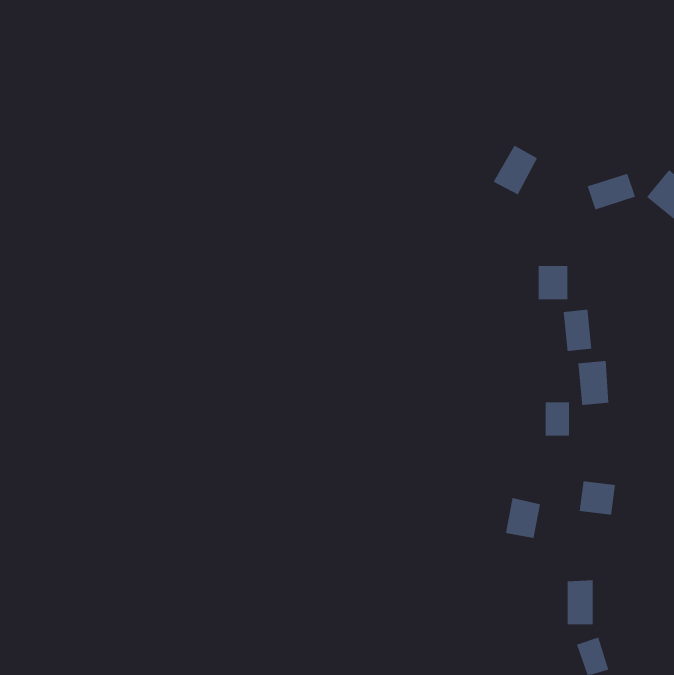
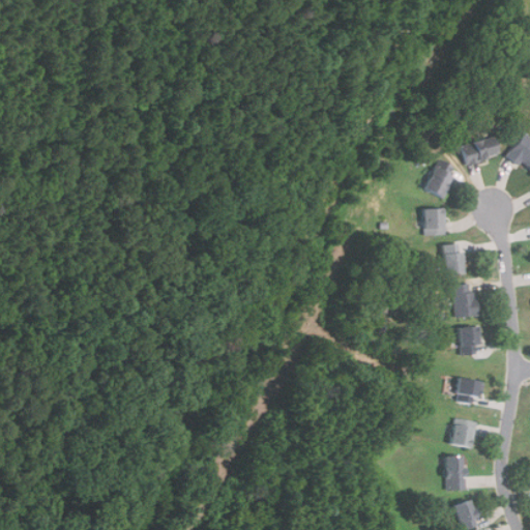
building: [493,145,538,195] -> [422,158,458,198]
building: [545,402,570,436] -> [460,326,479,353]
building: [505,498,541,539] -> [449,416,477,448]

